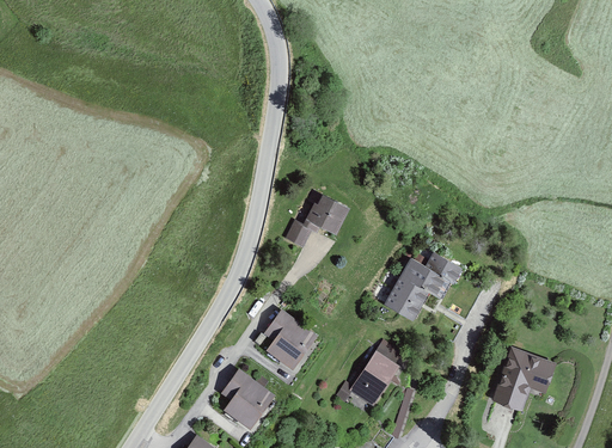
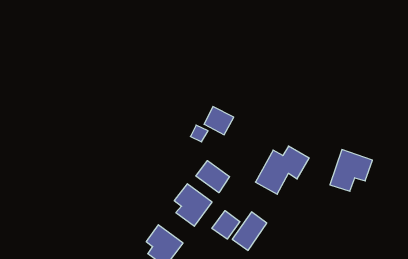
building: none -> [196,161,230,193]
building: none -> [212,211,240,239]
building: [492,348,556,410] -> [330,150,372,191]

